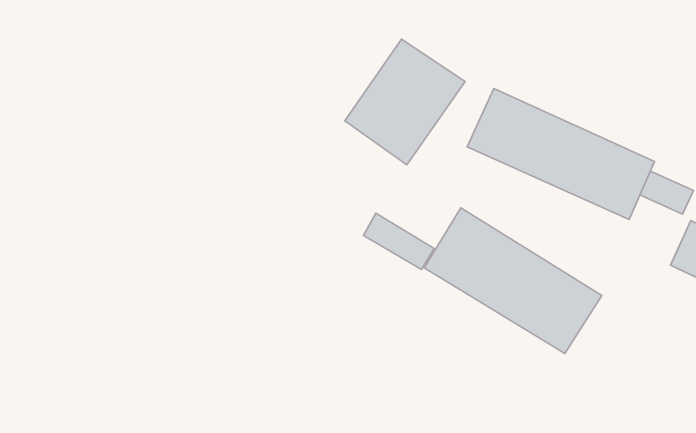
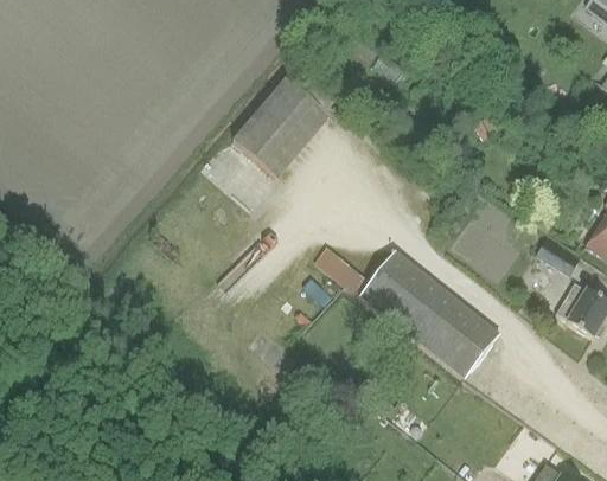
building: [345,39,465,165] -> [232,78,331,178]
building: [467,88,654,219] -> none

